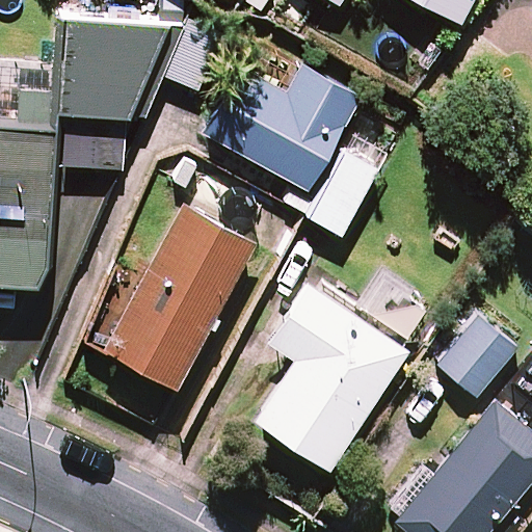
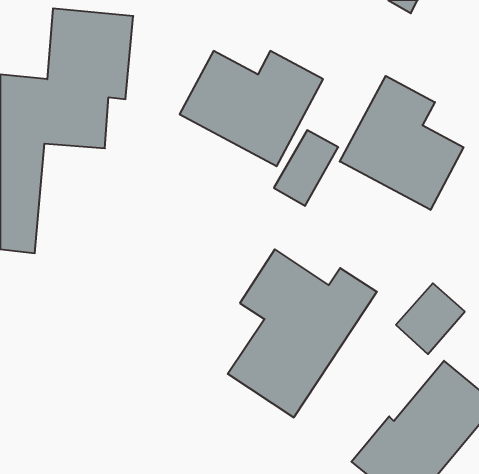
building: none -> [340,76,464,210]
building: [87,168,261,390] -> none

